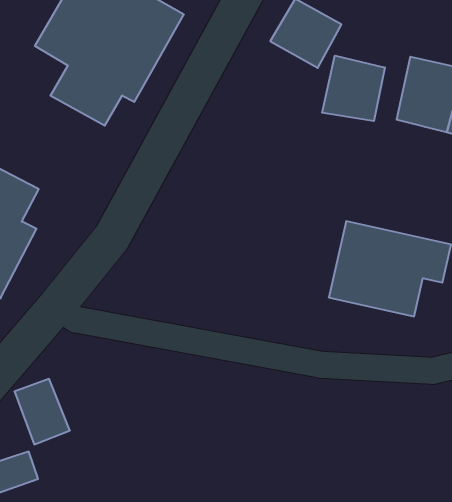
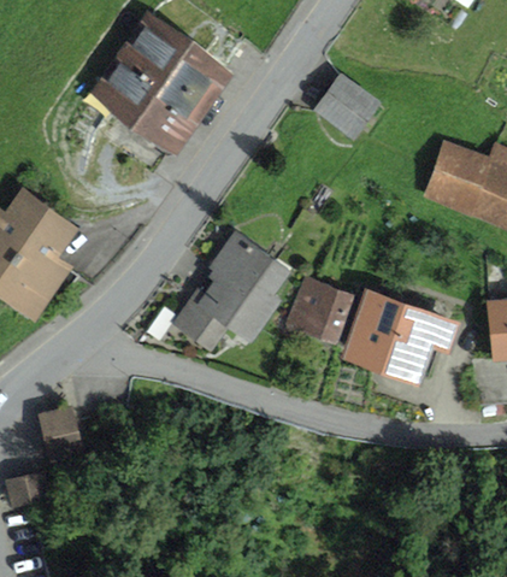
building: [322,56,385,121] -> none
building: none -> [171,230,293,349]
building: none -> [282,275,354,342]

